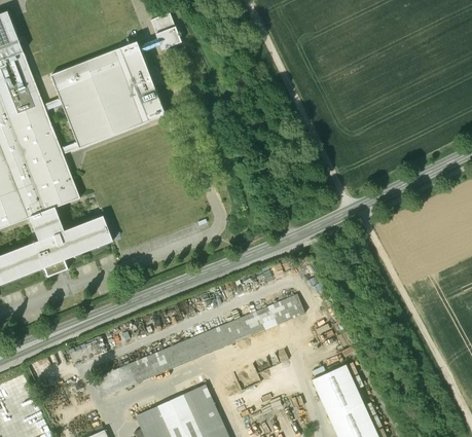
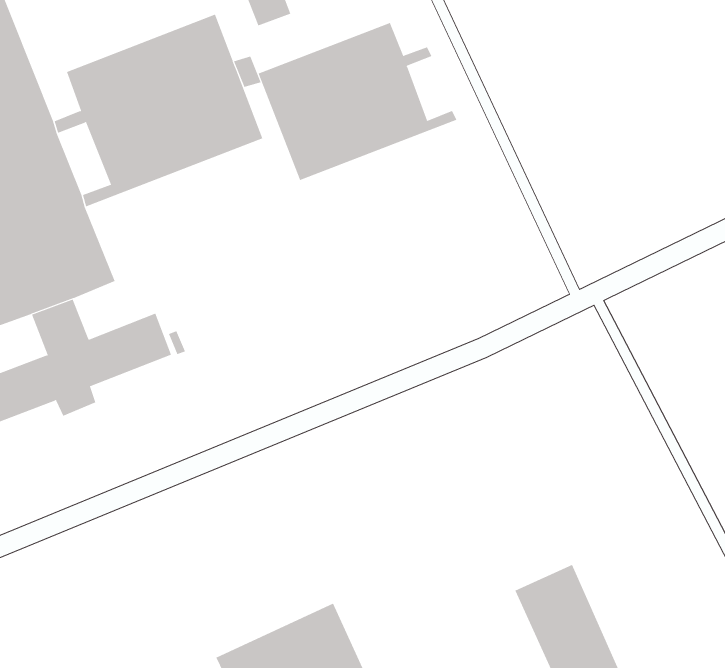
building: none -> [258,22,457,181]
building: [95,293,305,397] -> none

